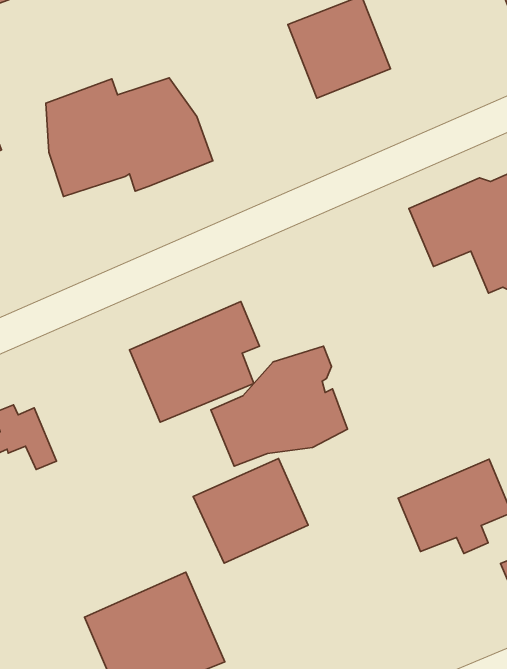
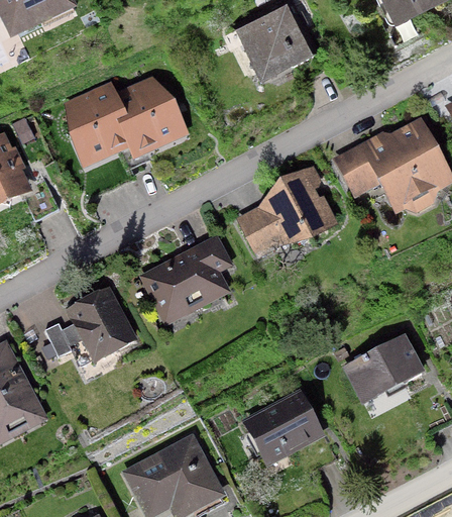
building: [211,346,348,466] -> [237,165,337,256]
building: none -> [66,285,138,363]
building: [193,459,308,563] -> [241,388,326,467]

